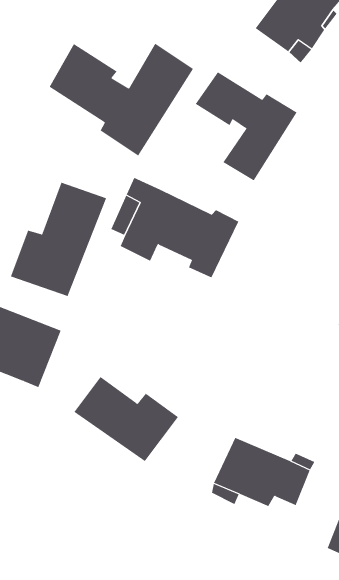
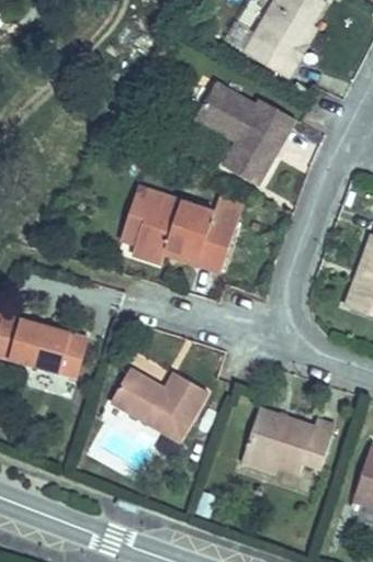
building: [49,43,194,156] -> none
building: [10,182,107,297] -> none

